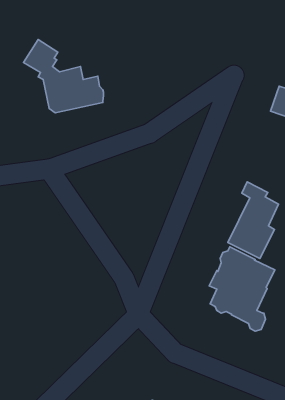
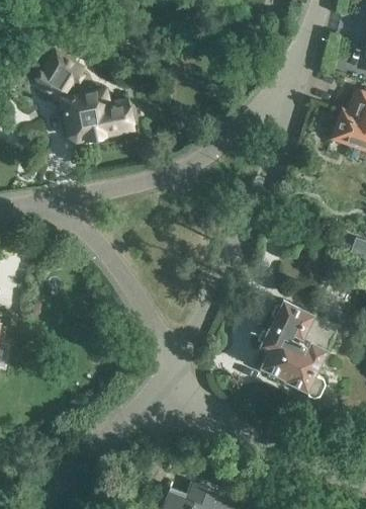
building: [228,182,279,259] -> none

